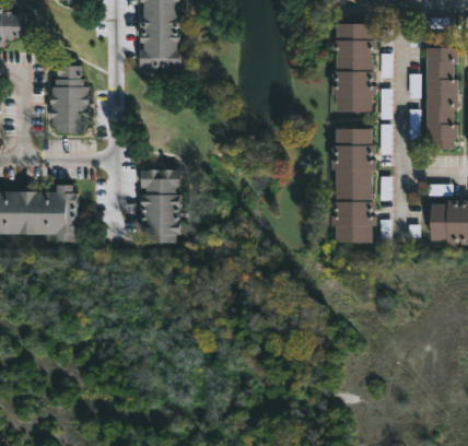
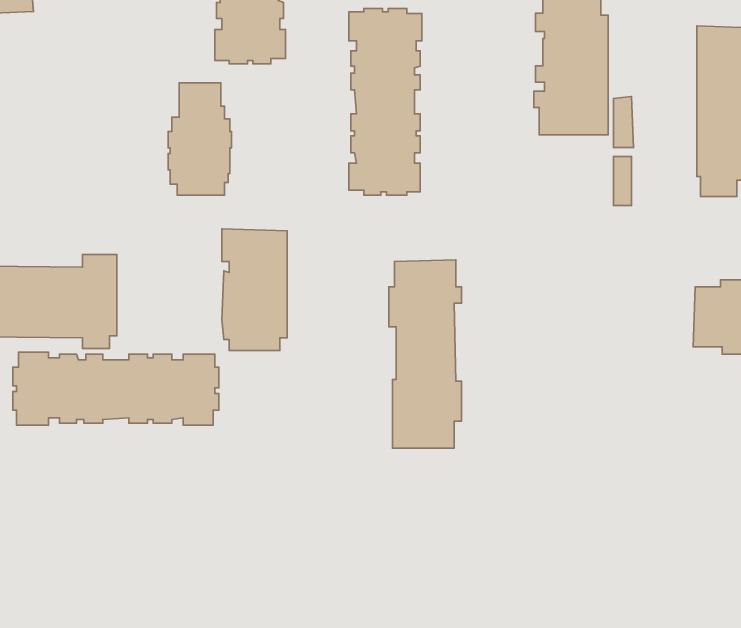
building: none -> [349,8,422,195]
building: [51,66,90,133] -> [168,83,232,195]
building: [330,129,374,243] -> [389,260,461,448]
building: none -> [13,352,219,425]

